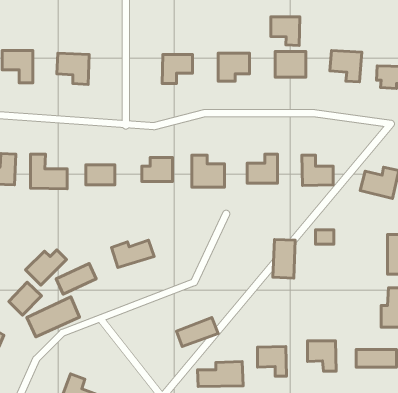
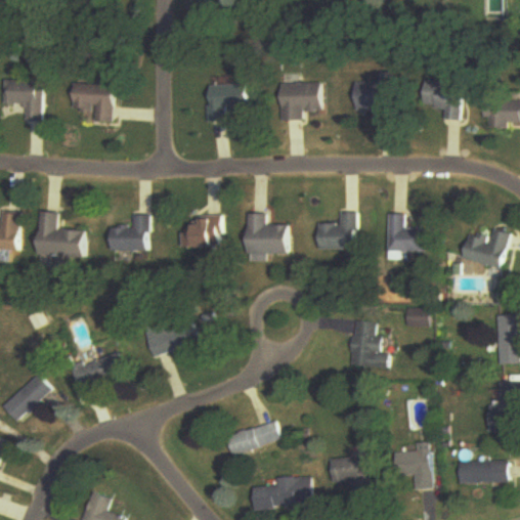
building: [271,17,300,45] -> none
building: [26,250,67,285] -> none
building: [27,297,80,337] -> none

